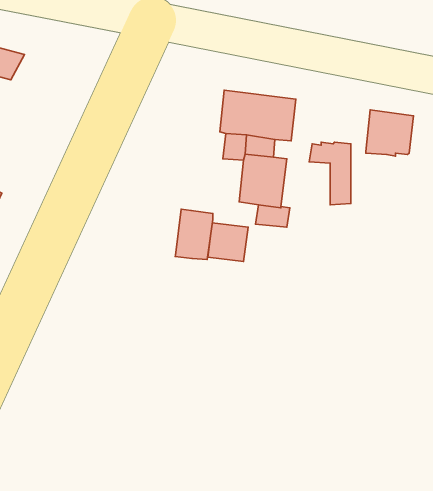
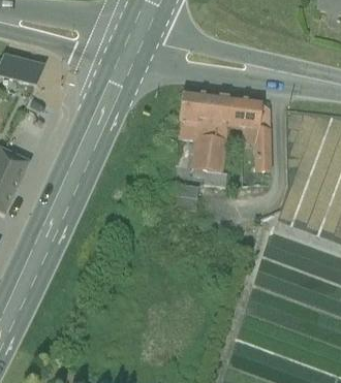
building: [366,110,414,156] -> [227,96,260,128]
building: [175,209,213,260] -> none

